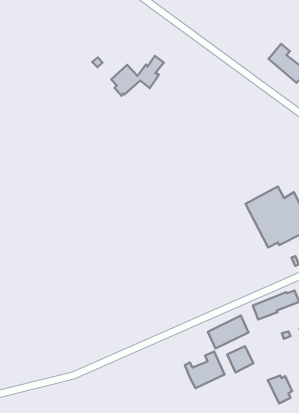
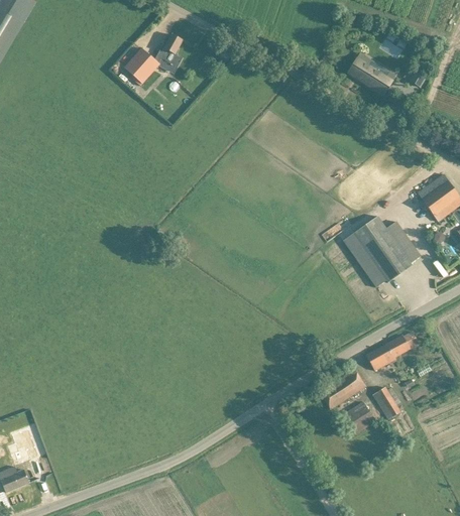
building: [111,56,164,96] -> [125,34,183,85]
building: [185,351,225,388] -> none
building: [268,375,292,404] -> [372,387,401,419]

